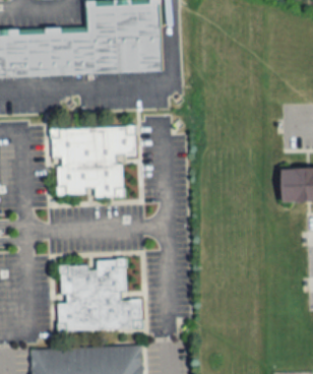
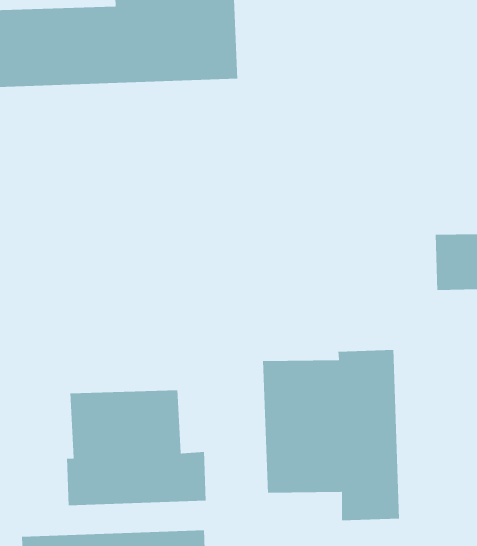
building: [53,126,135,197] -> none
building: none -> [262,349,400,521]

